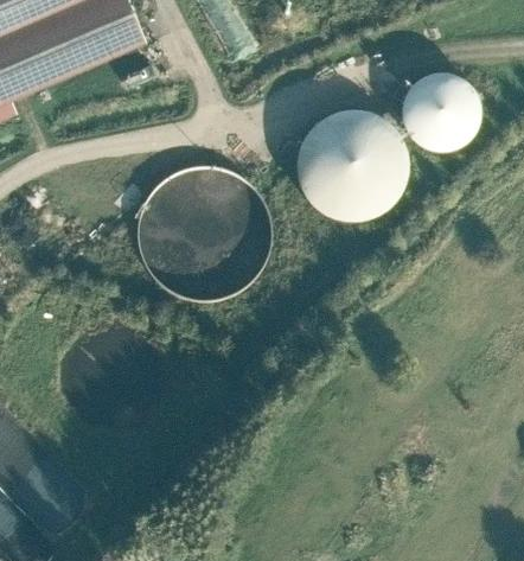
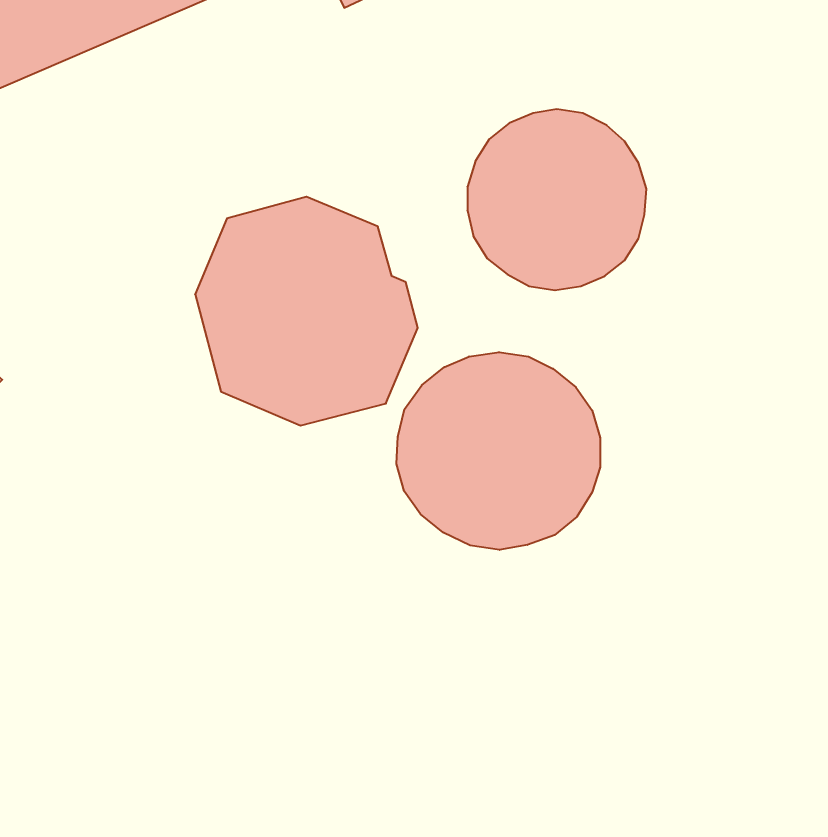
building: [402,72,479,148] -> none
building: none -> [396,352,600,550]

